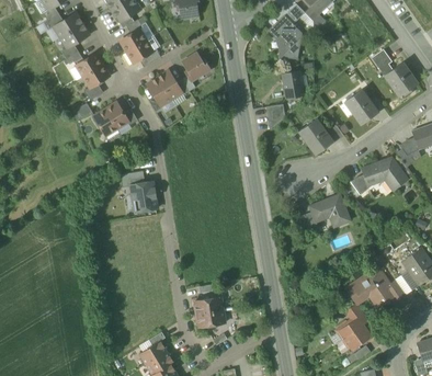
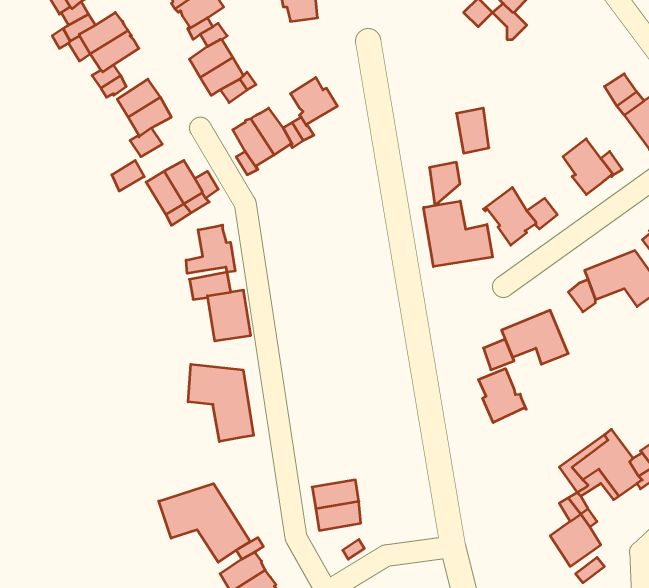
building: [269,15,299,57] -> none
building: none -> [424,201,493,267]
building: none -> [186,225,235,273]
building: none -> [188,364,254,442]
building: none -> [478,369,526,423]
building: none -> [159,484,250,562]

